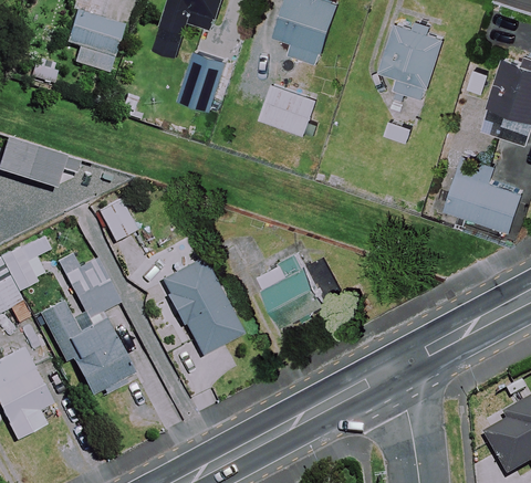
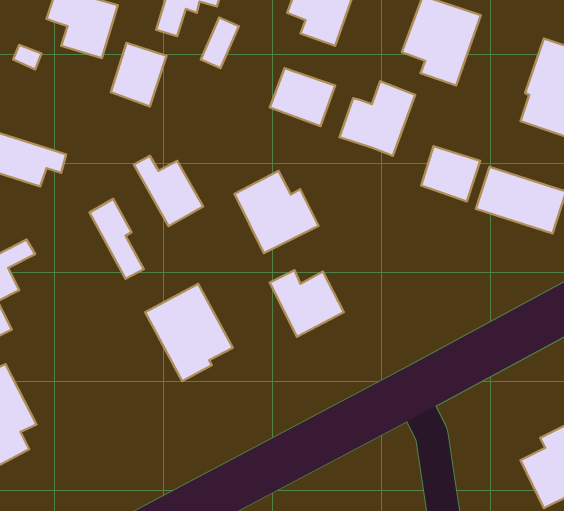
building: none -> [111,43,167,107]
building: none -> [340,81,415,156]
building: none -> [421,146,480,202]
building: none -> [235,171,318,253]
building: [58,253,119,316] -> [134,156,203,226]
building: [39,301,132,396] -> none

